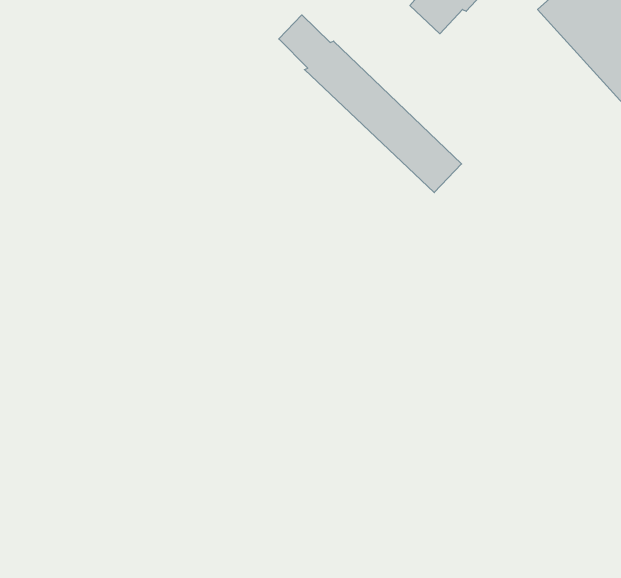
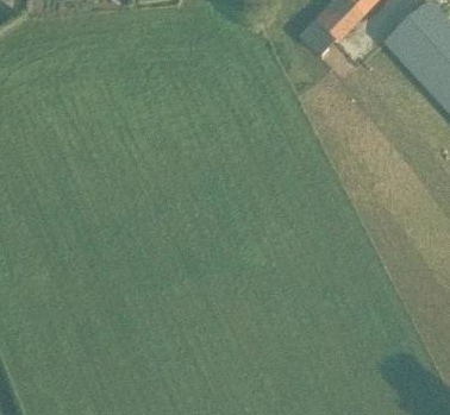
building: [279,15,462,193] -> none

